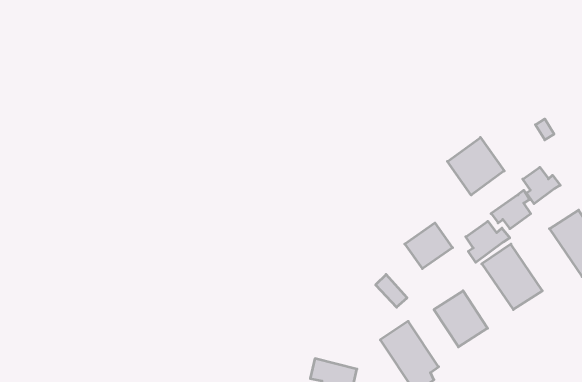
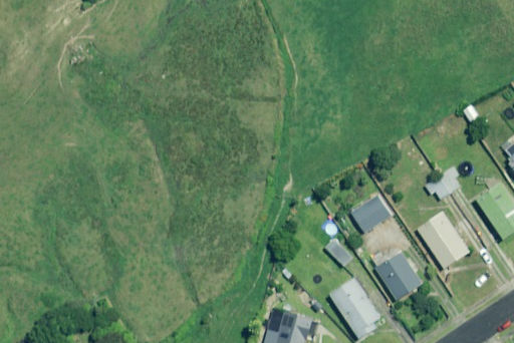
building: [447,137,504,195] -> none
building: [523,167,560,204] -> none
building: [466,221,510,262] -> none

